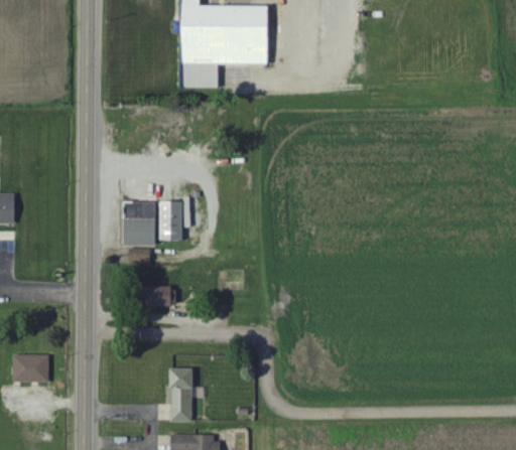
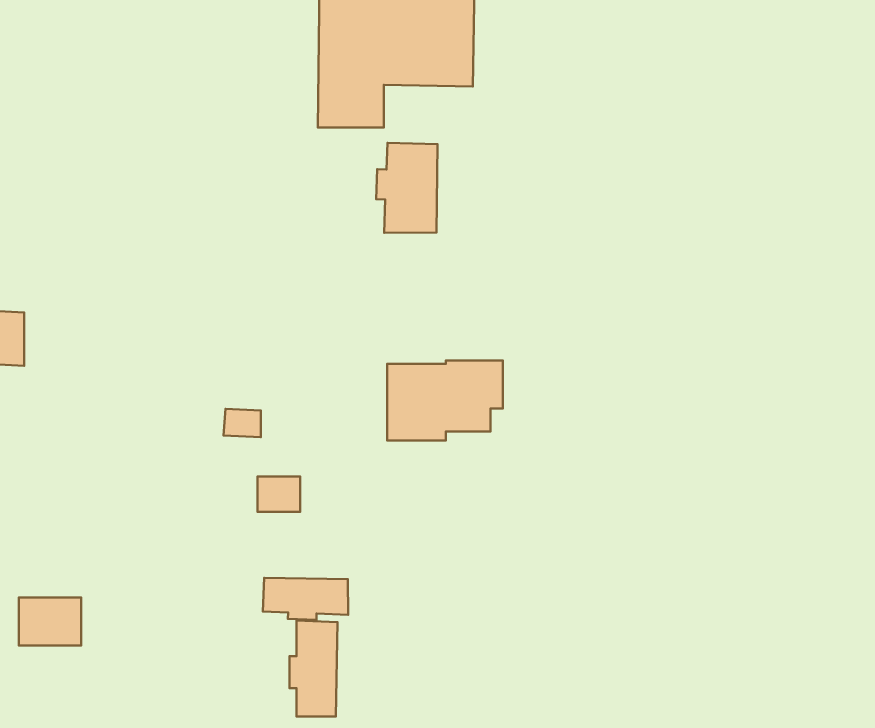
building: none -> [376,143,437,233]
building: [123,199,188,245] -> [387,360,503,440]
building: none -> [263,578,348,620]

